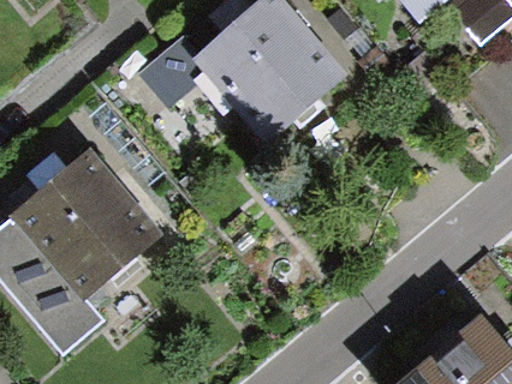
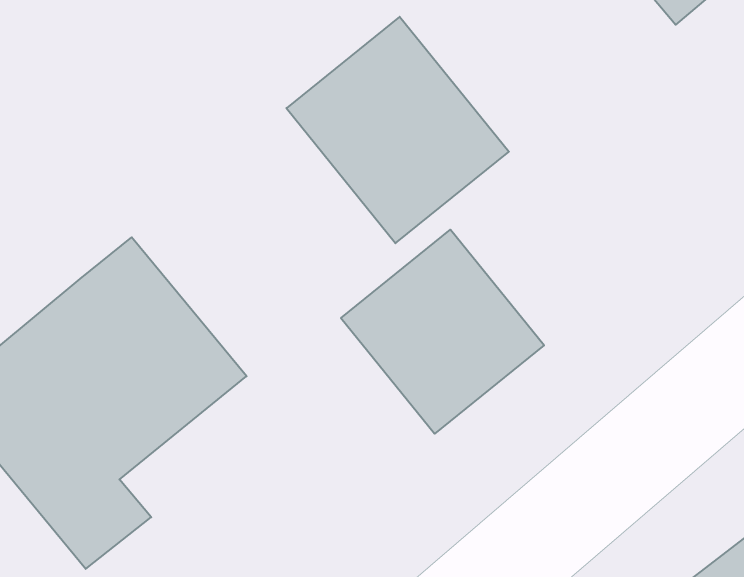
building: none -> [341,230,544,434]

